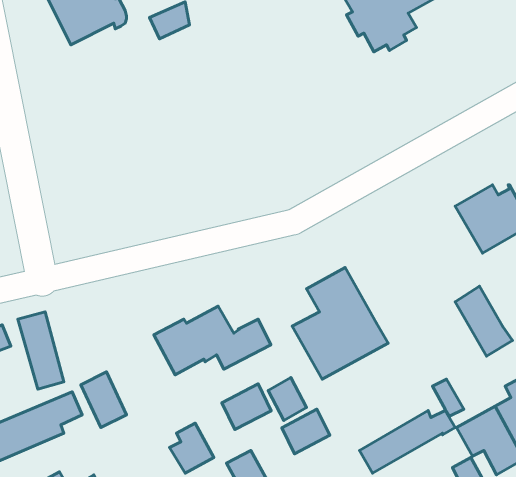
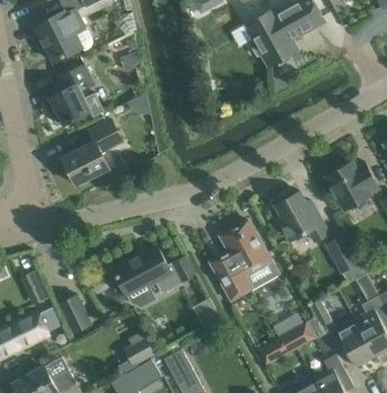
building: none -> [49,65,105,126]
building: none -> [62,120,131,185]
building: none -> [275,191,328,242]
building: [222,384,271,430] -> none
building: [282,409,330,454] -> none

